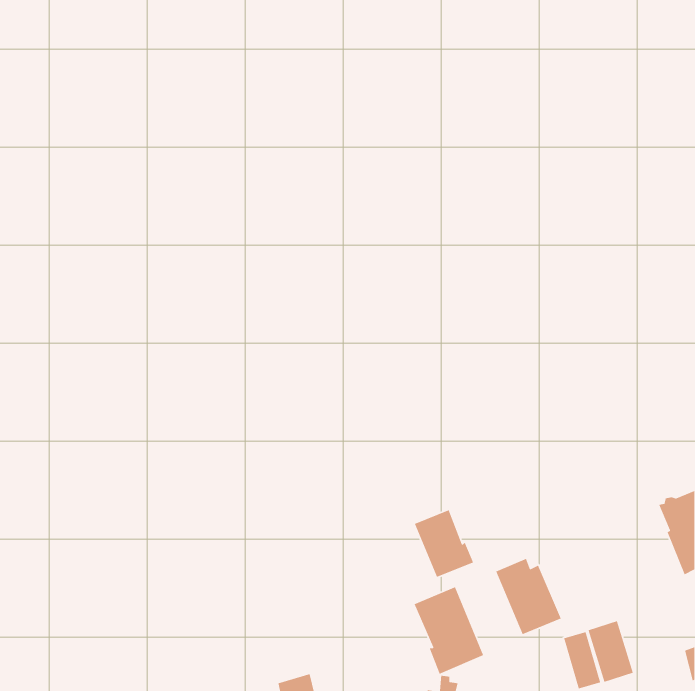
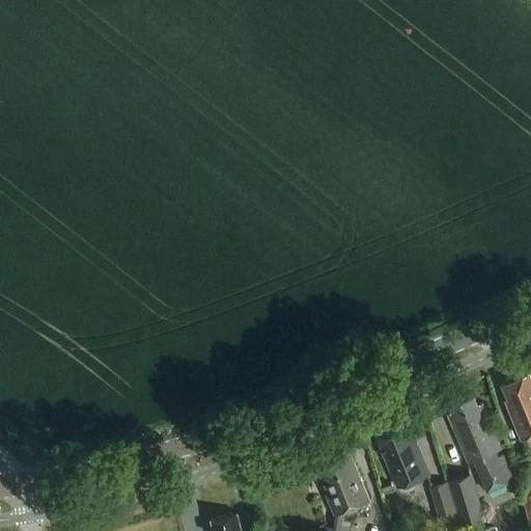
building: [414,509,474,578] -> none
building: none -> [449,398,509,496]

